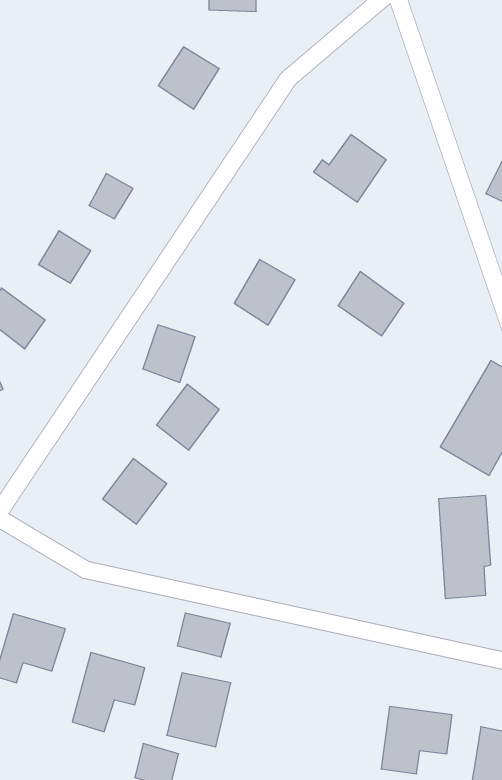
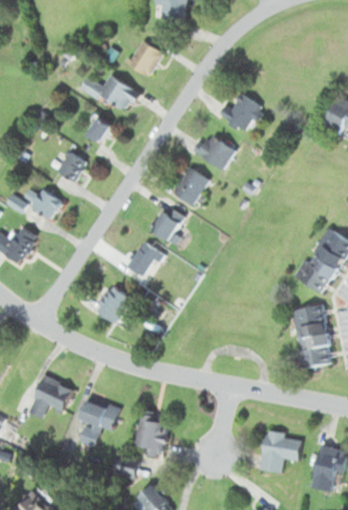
building: none -> [79,74,139,111]
building: [338,272,404,336] -> [196,131,235,169]
building: [143,325,195,382] -> [151,206,183,240]
building: [177,613,230,657] -> none

